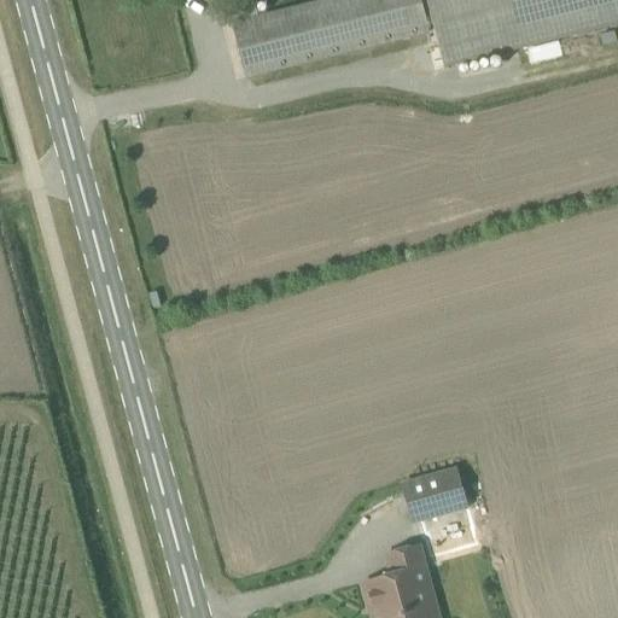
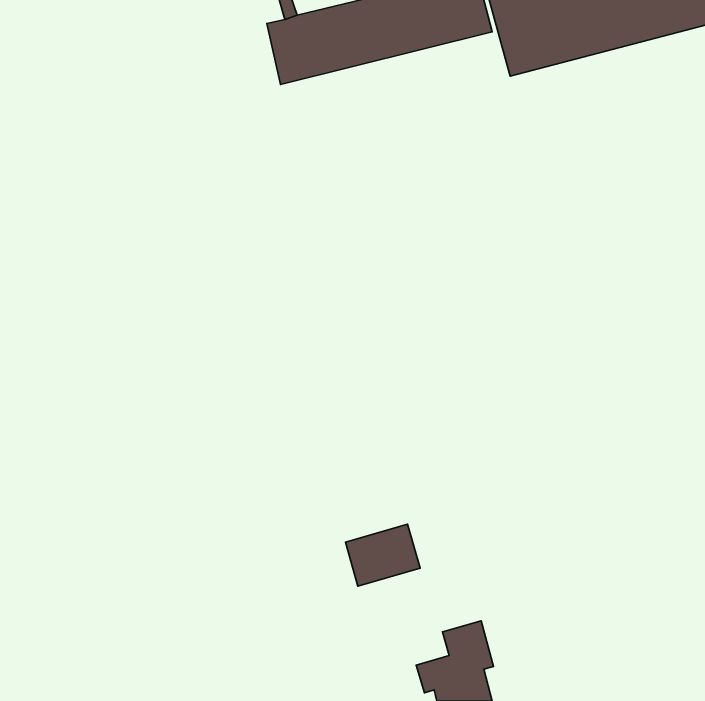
building: [404,465,470,519] -> [345,524,420,586]

